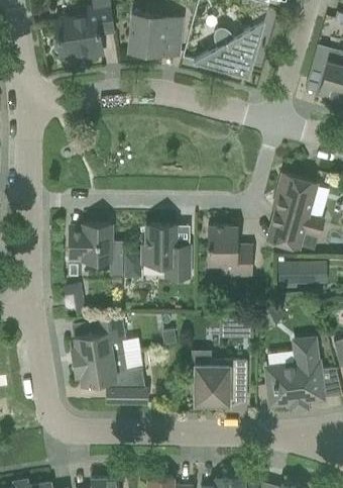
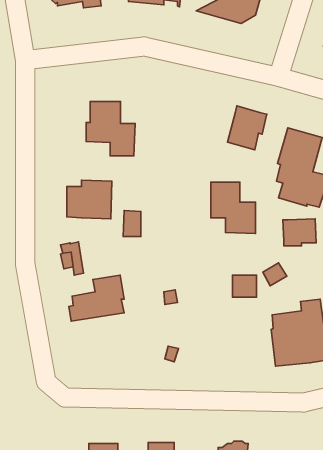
building: none -> [227,106,267,150]
building: [143,225,191,278] -> [86,102,135,156]
building: [191,351,247,404] -> none
building: [74,353,148,403] -> none

